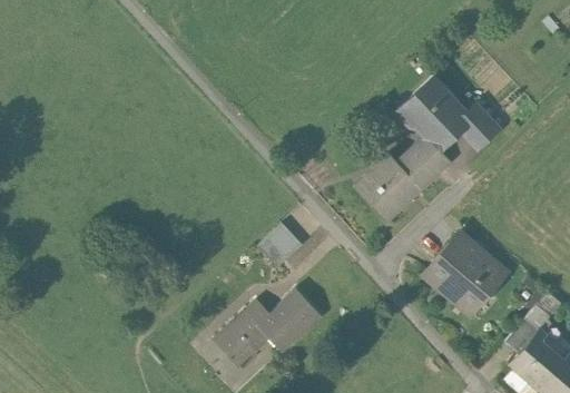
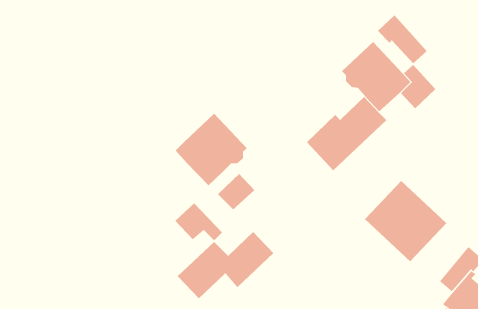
building: none -> [377,14,427,64]
building: none -> [175,113,248,186]
building: none -> [175,203,223,241]

